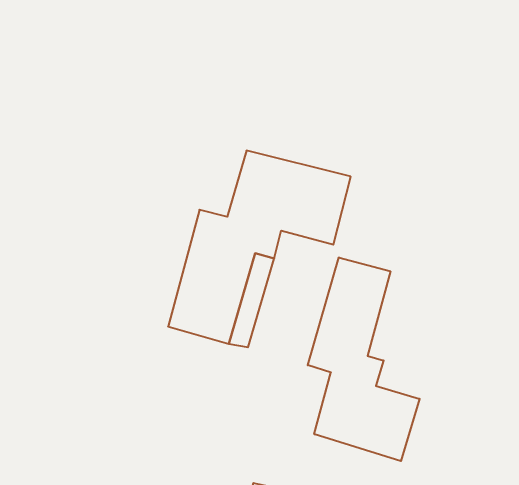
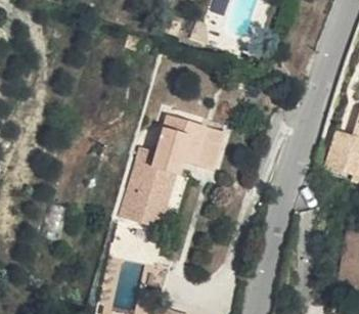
building: [308,257,420,461] -> none

